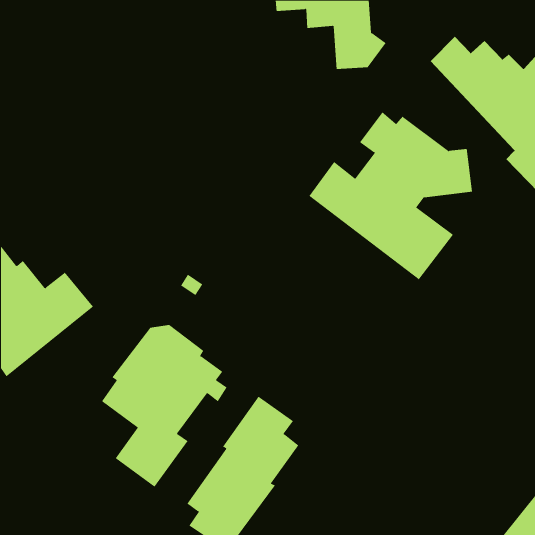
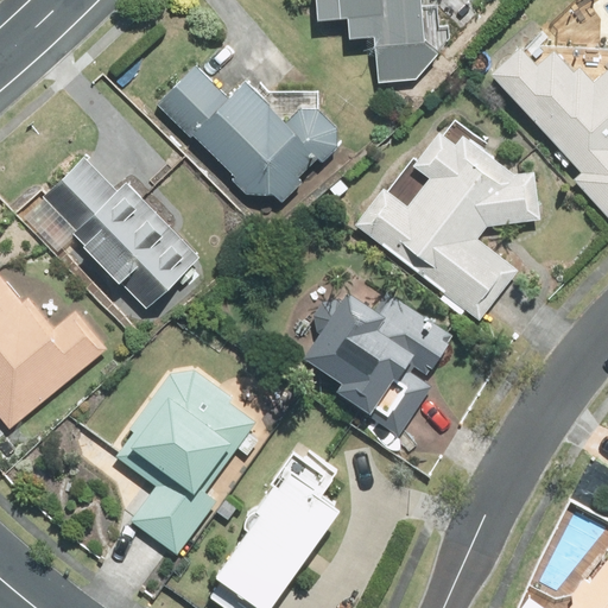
building: none -> [160,65,338,203]
building: none -> [42,158,198,311]
building: none -> [299,290,456,439]

